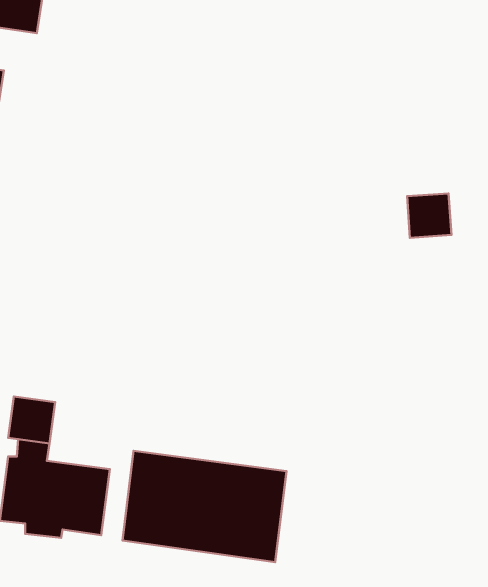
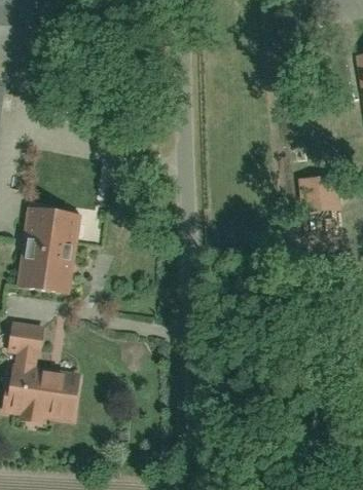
building: none -> [16,208,79,294]
building: [123,451,286,562] -> none

